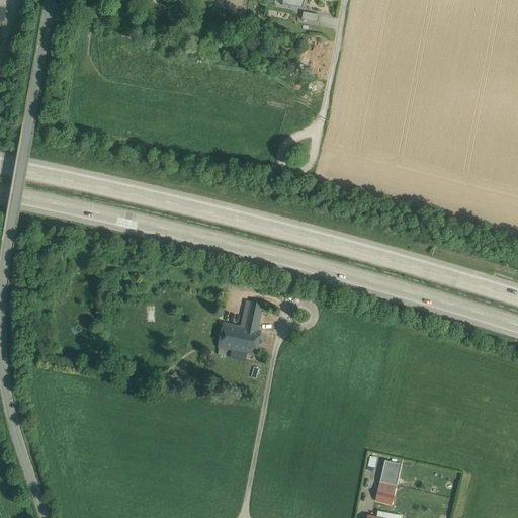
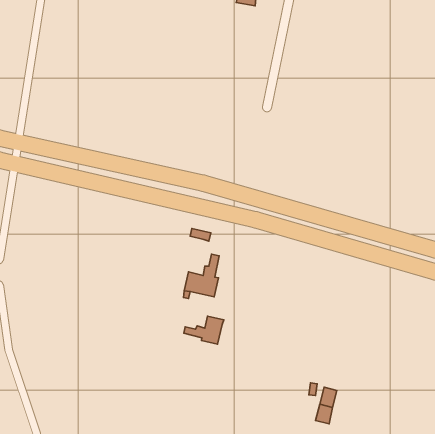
building: none -> [184,316,224,344]

